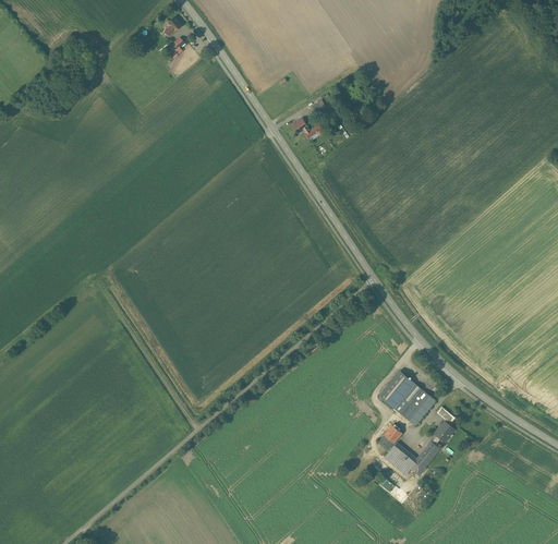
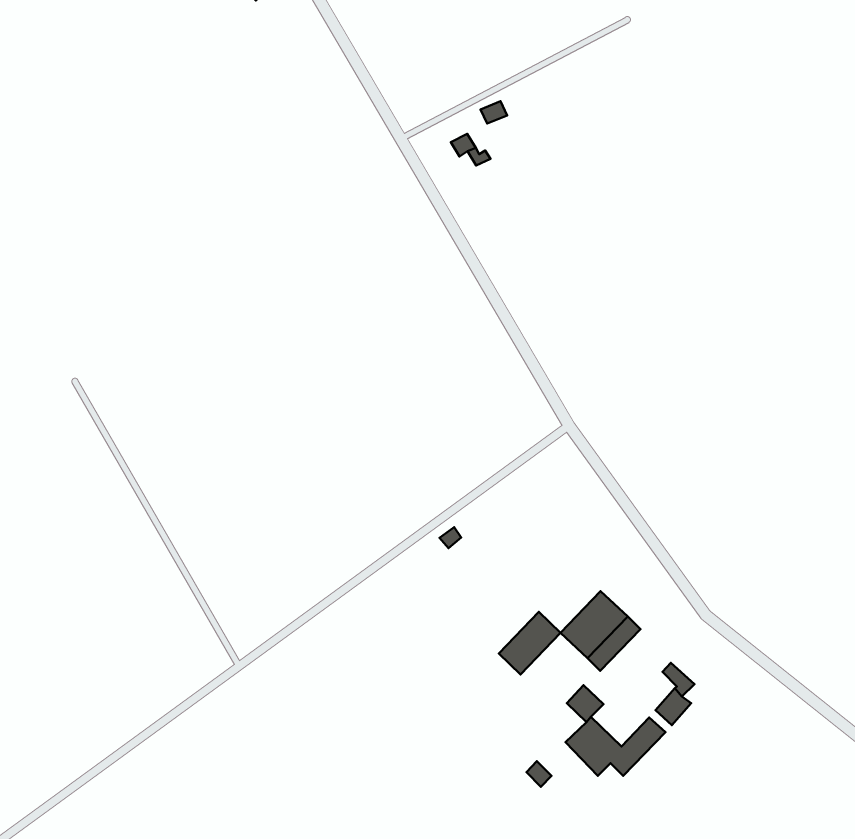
building: [401,390,435,426] -> [499,612,561,675]

